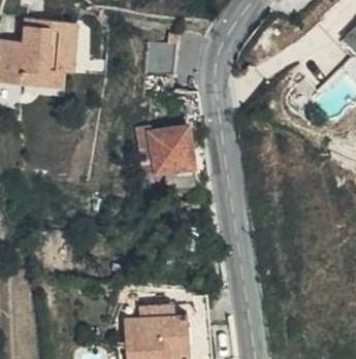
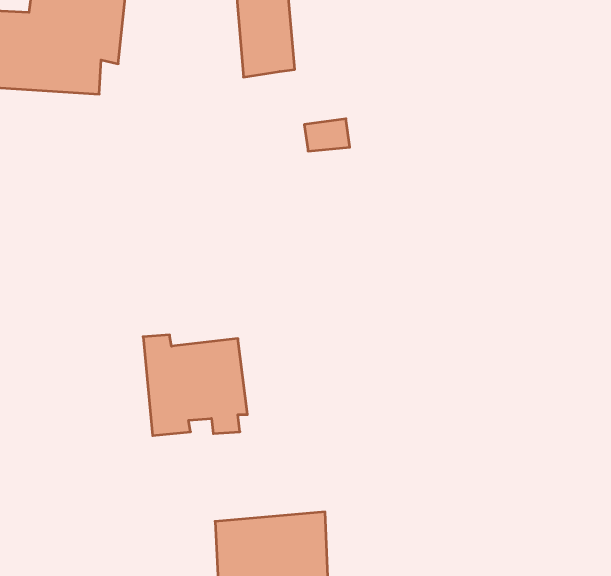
building: [135,125,192,180] -> [143,335,247,436]

